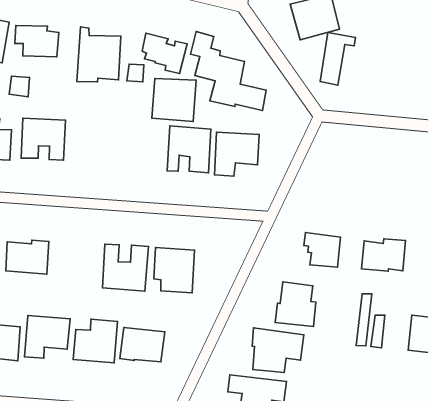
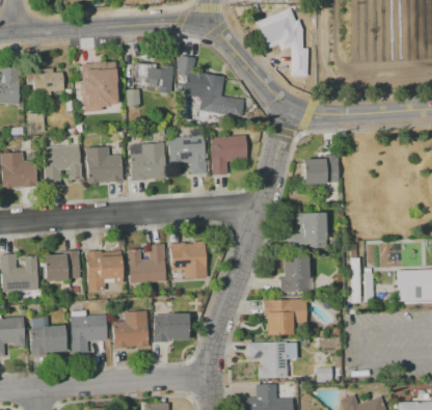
building: [152,78,196,121] -> [129,142,166,180]
building: none -> [85,146,123,184]
building: [361,239,406,271] -> [303,155,340,184]
building: none -> [86,250,123,292]

